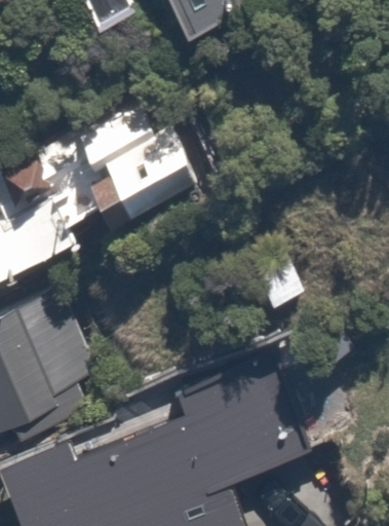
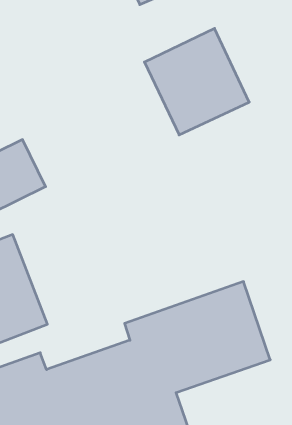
building: [76,100,197,223] -> [144,28,249,135]

